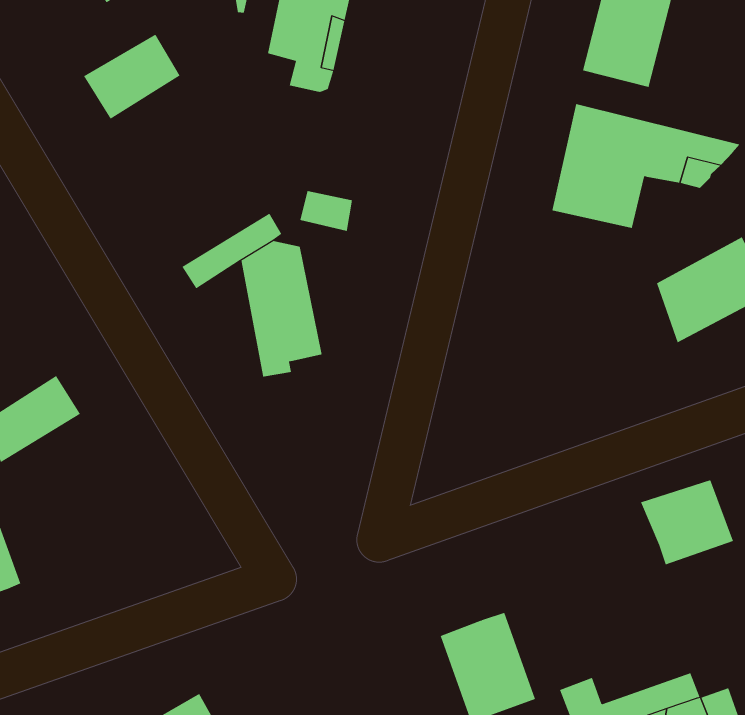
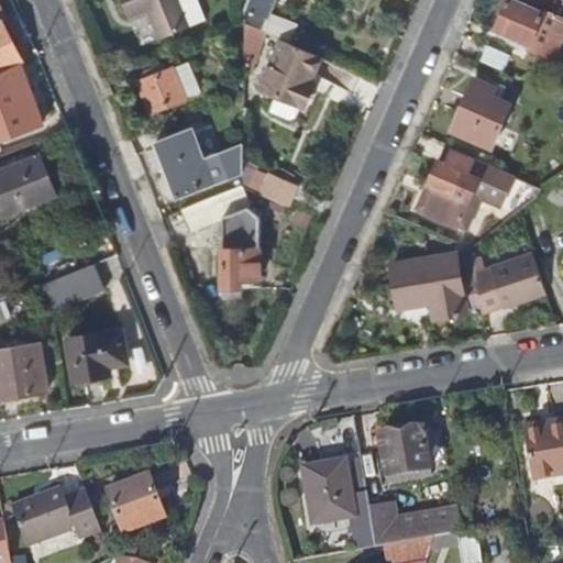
building: none -> [154,132,242,196]
building: none -> [391,251,463,314]
building: none -> [68,328,129,378]
building: [640,479,734,565] -> [378,427,432,475]

